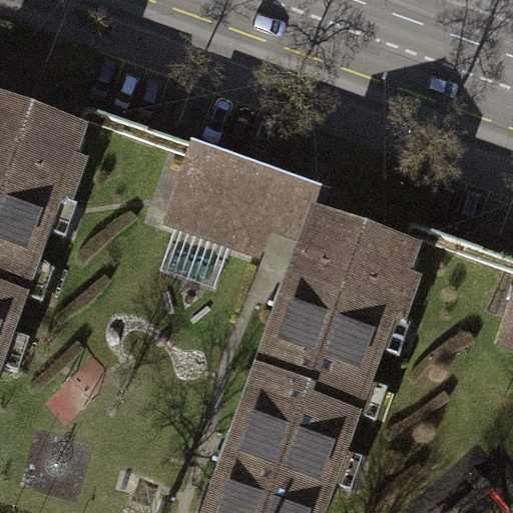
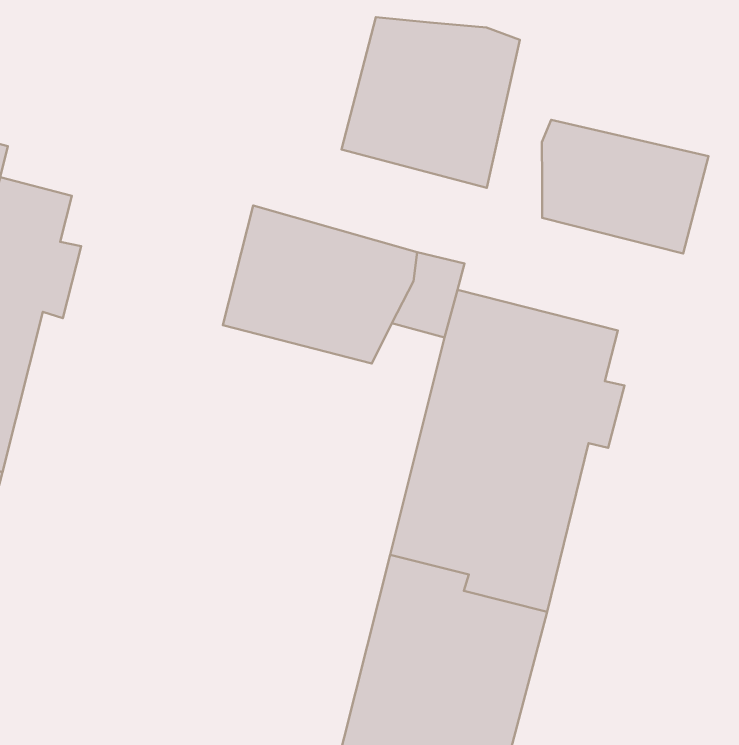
building: none -> [342,17,520,188]
building: none -> [542,120,708,254]

